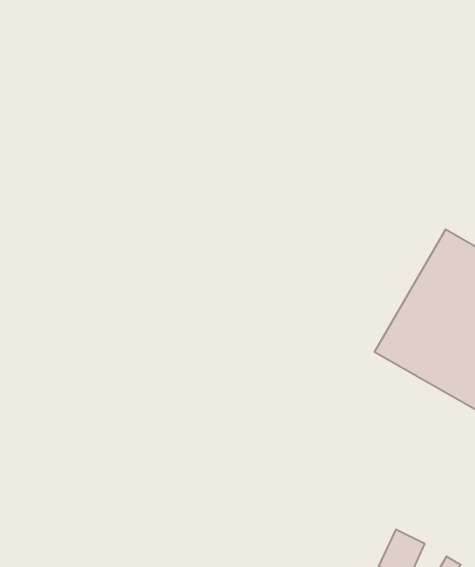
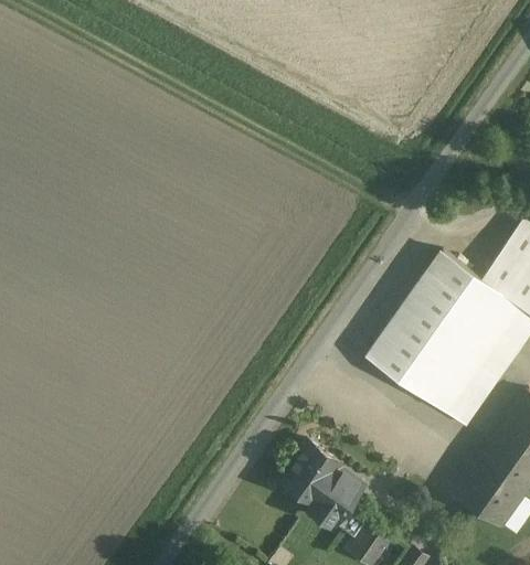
building: none -> [279,443,363,525]

